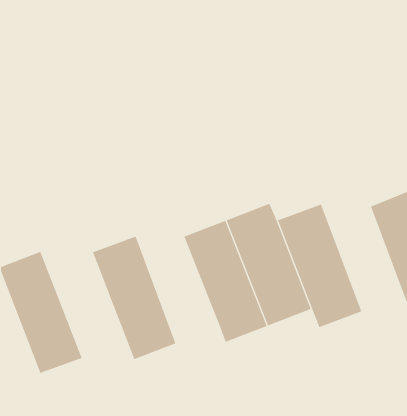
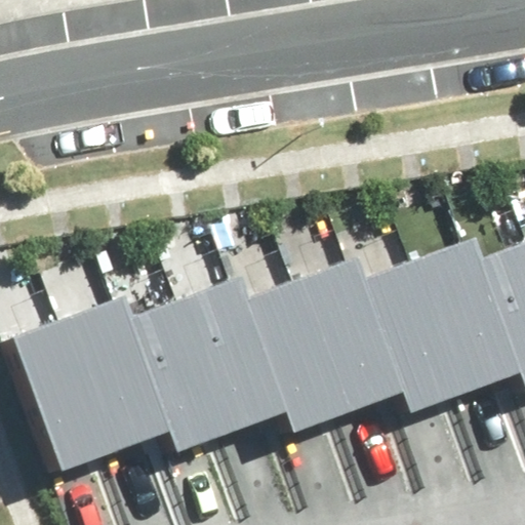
building: none -> [416,238,520,393]
building: none -> [184,278,288,433]
building: none -> [64,295,171,451]

